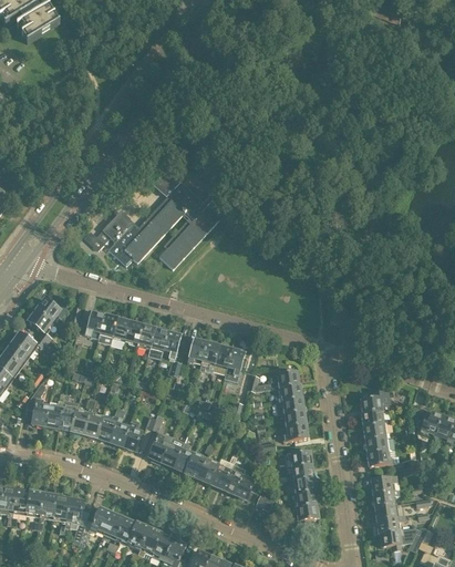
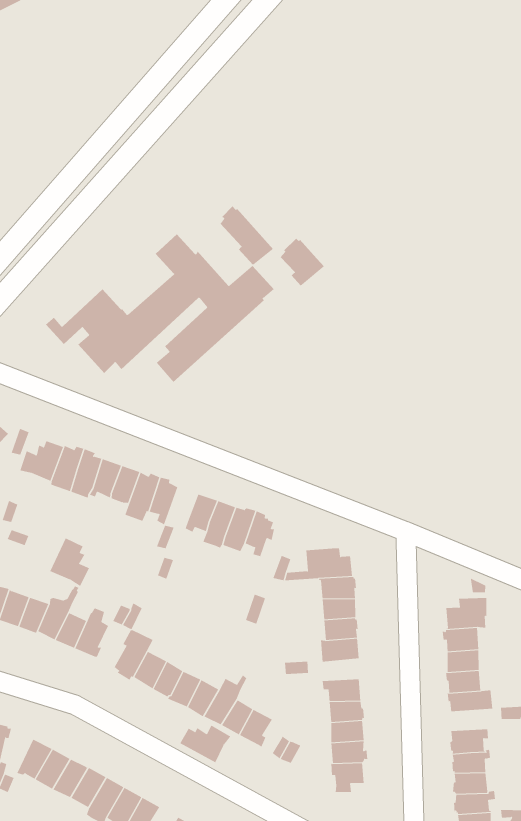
building: none -> [220,206,274,265]
building: none -> [280,238,325,286]
building: none -> [49,537,90,587]
building: none -> [180,724,231,763]

